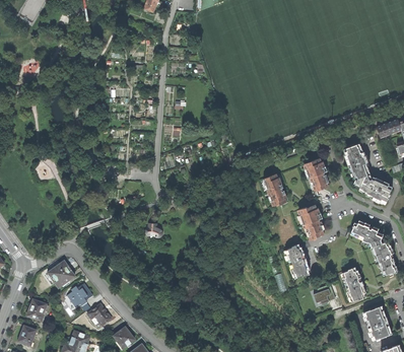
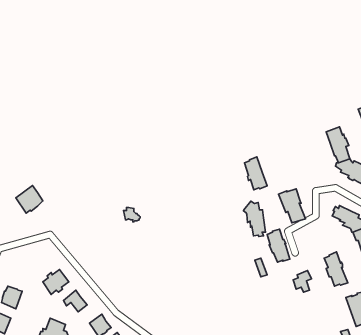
building: [305,157,329,189] -> none
building: none -> [243,201,266,237]
building: [48,261,74,288] -> [16,185,43,213]

